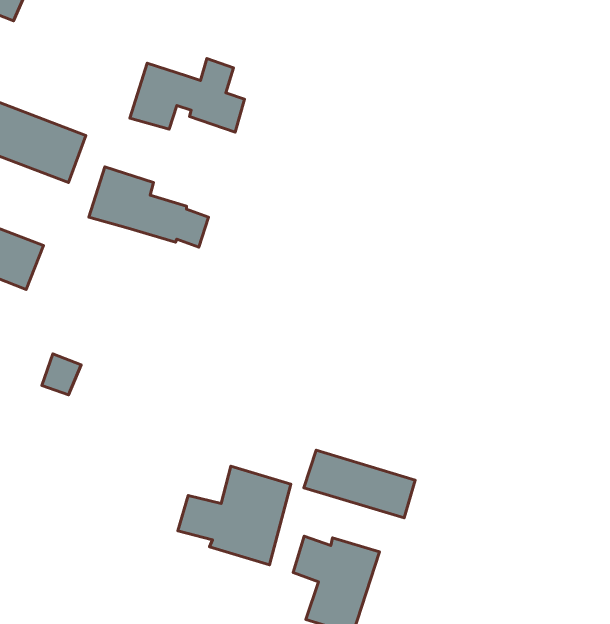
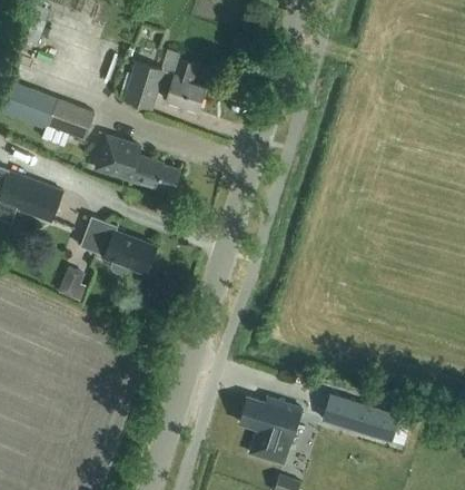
building: none -> [79,216,156,274]
building: [304,450,415,518] -> [321,392,400,440]
building: [178,466,291,565] -> none

